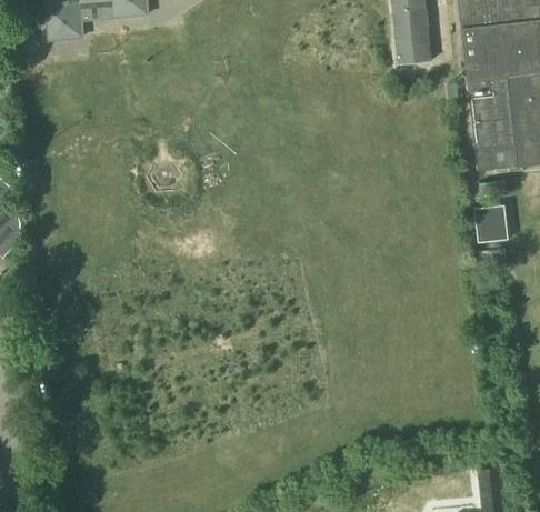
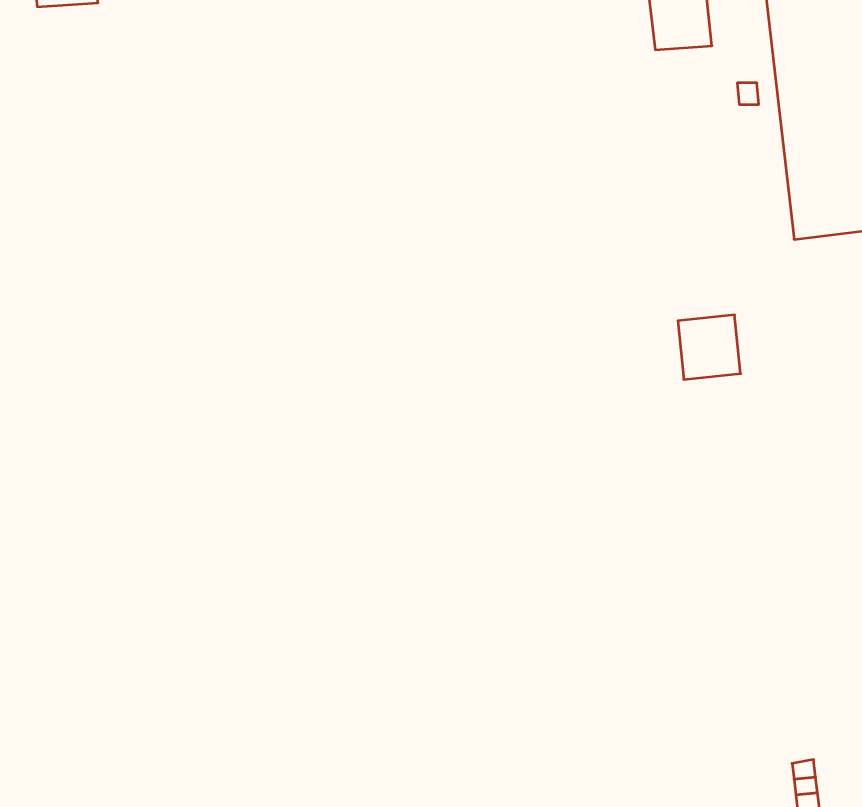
building: [473,205,509,242] -> [678,315,741,379]

